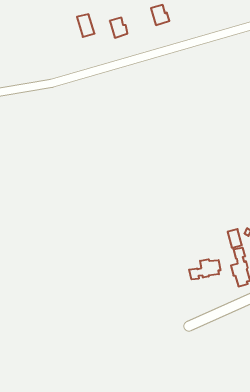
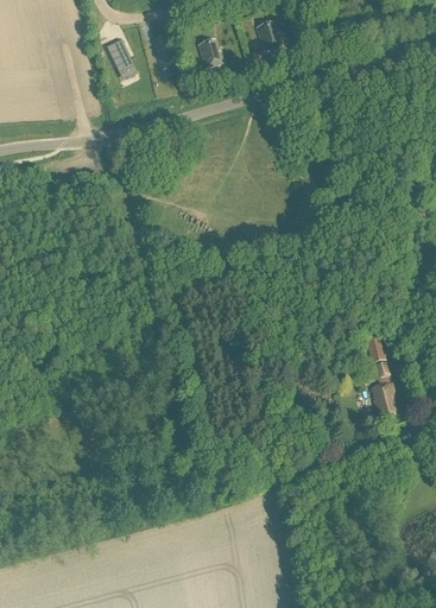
building: none -> [105,39,135,76]
building: [189,259,220,279] -> none

